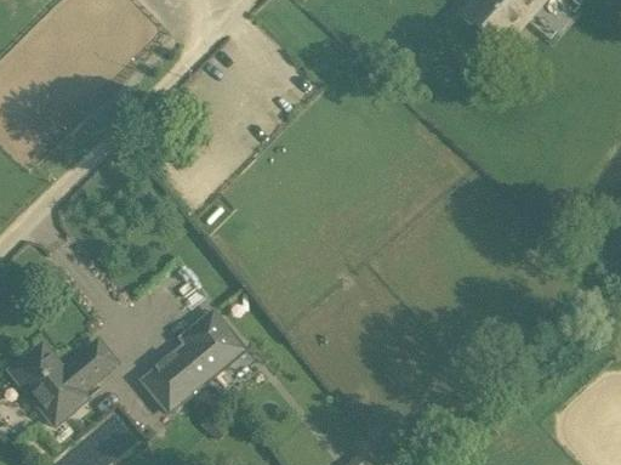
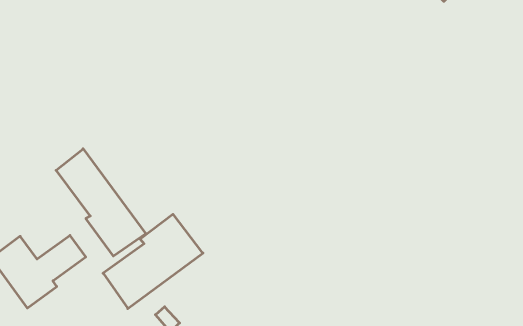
building: none -> [56,149,146,256]

